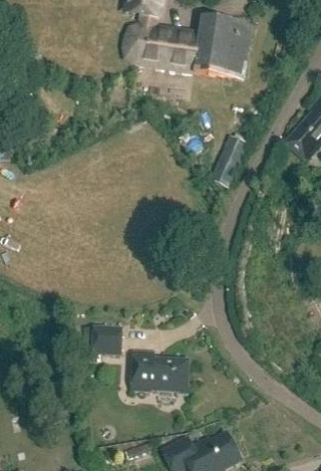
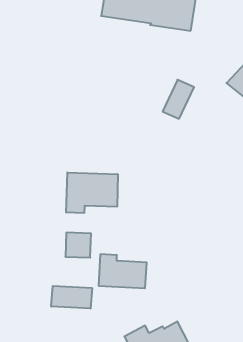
building: none -> [66,172,118,213]
building: none -> [51,286,92,309]

